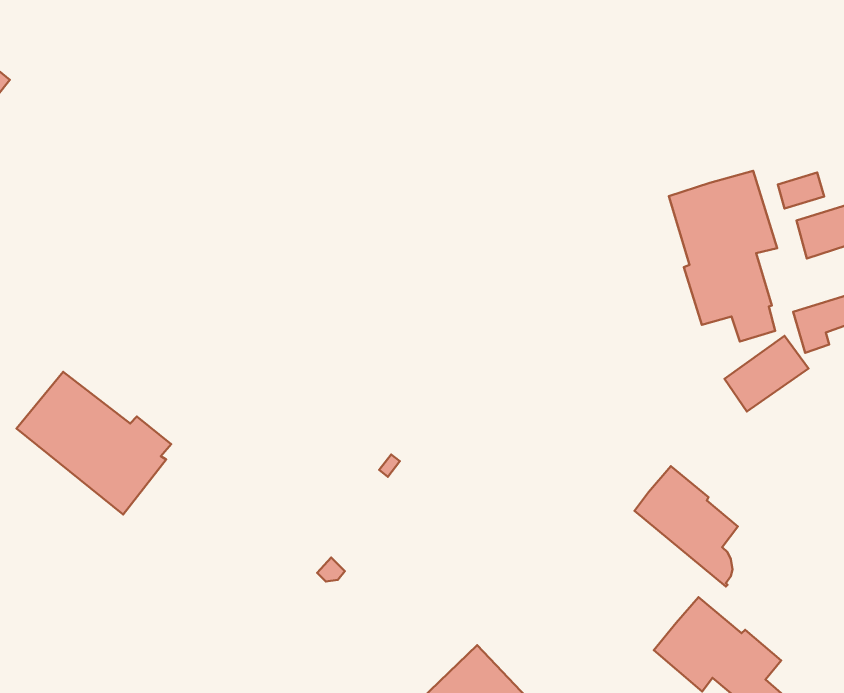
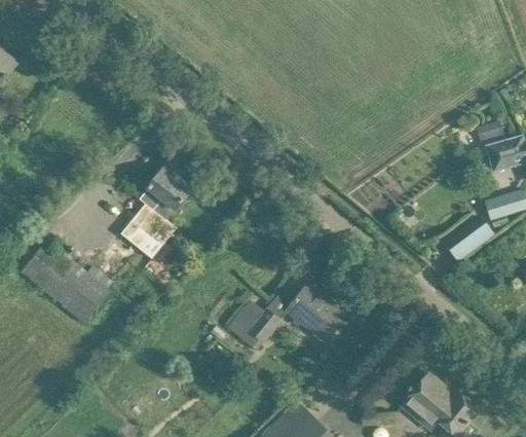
building: [669,171,777,342] -> none
building: none -> [121,162,195,259]
building: [635,466,738,587] -> [287,284,348,356]
building: none -> [230,300,280,347]

